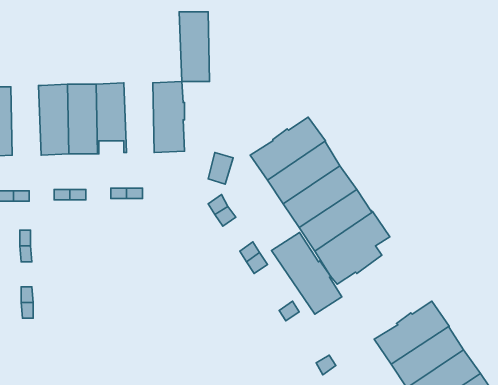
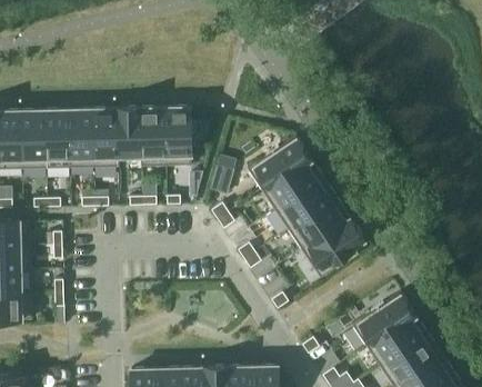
building: [179,12,210,82] -> [140,107,165,166]
building: none -> [44,109,70,168]
building: [271,232,342,314] -> none

